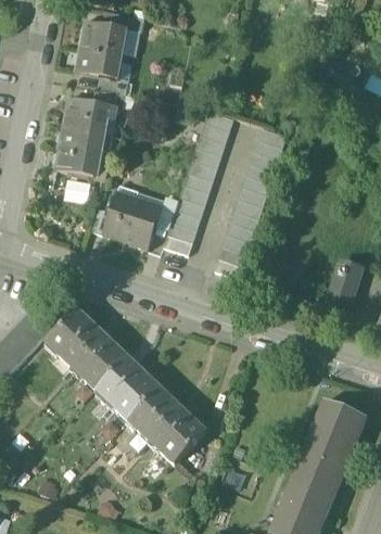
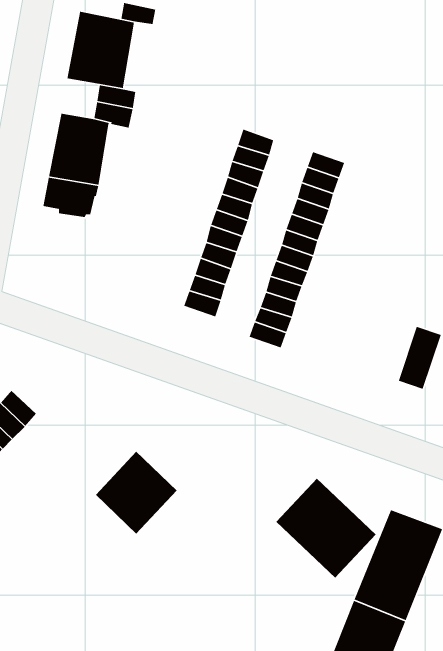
building: [102,189,162,249] -> none
building: [47,307,129,389] -> none
building: [129,385,206,462] -> [276,478,376,579]

